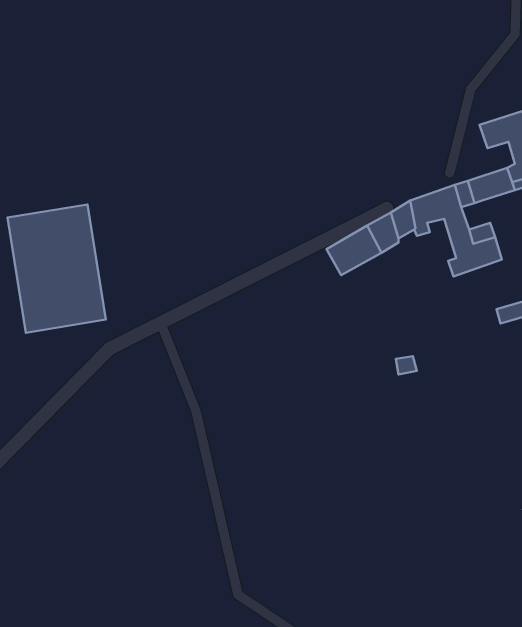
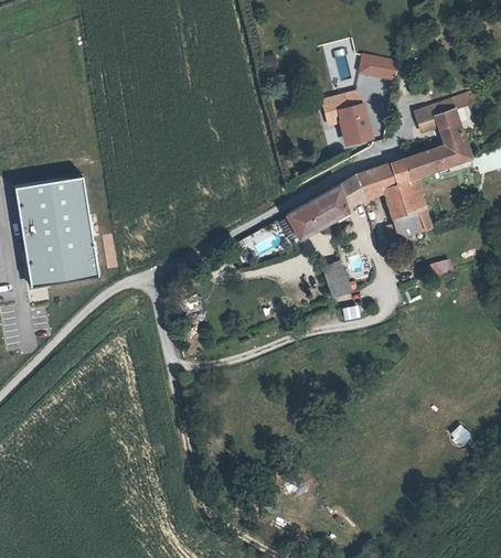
building: none -> [359,53,398,81]
building: none -> [322,88,381,153]
building: none -> [323,259,352,296]

